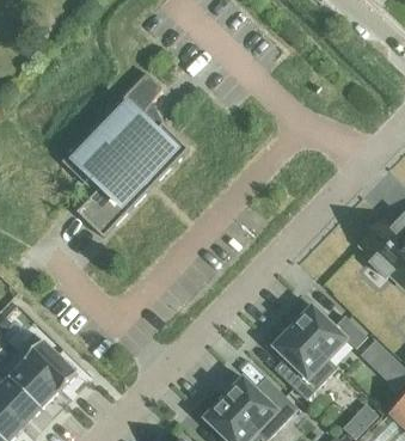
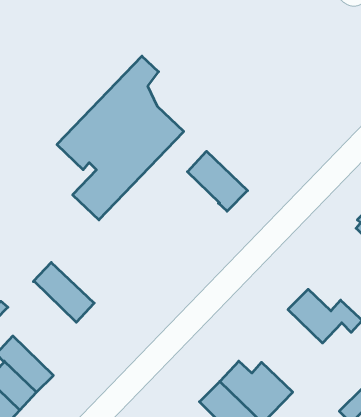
building: none -> [187,151,248,211]
building: [274,325,337,398] -> none
building: [17,332,78,392] -> [33,262,94,322]

